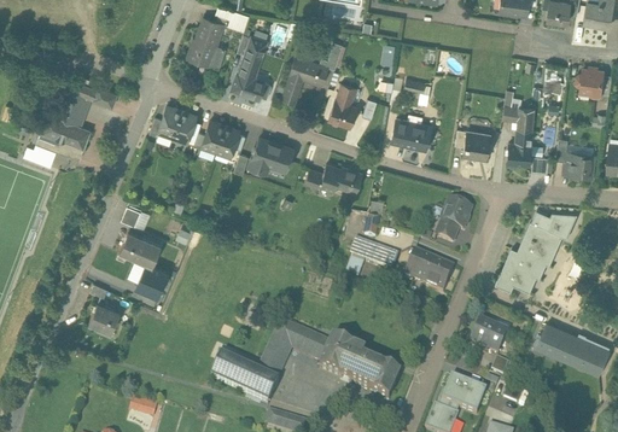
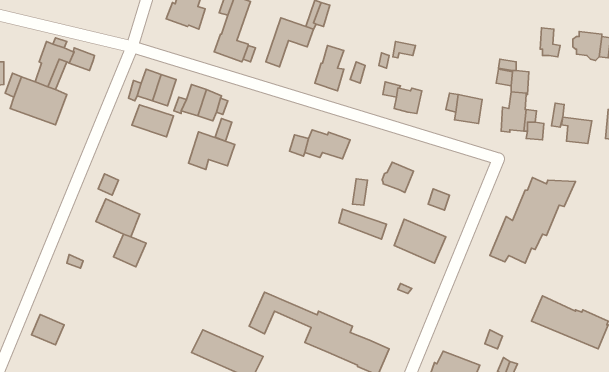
building: [249,138,293,174] -> [188,132,235,170]
building: none -> [132,105,174,137]
building: [441,200,471,229] -> [382,162,414,192]
building: [88,303,119,332] -> [31,315,64,345]
building: [471,321,507,354] -> none

